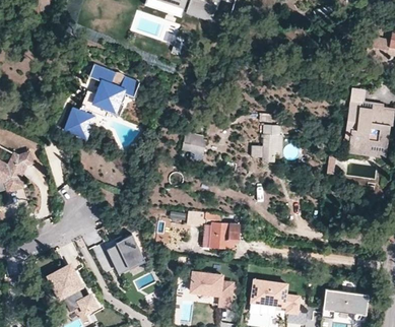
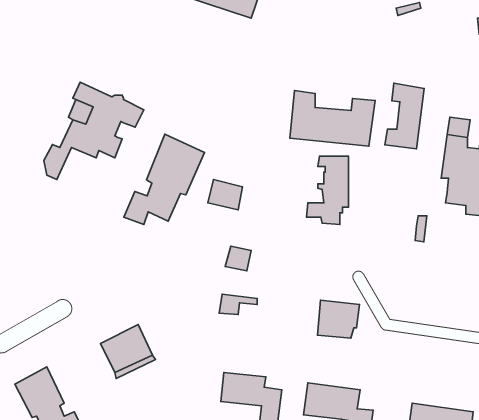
building: none -> [385,83,424,149]
building: none -> [290,90,375,146]
building: none -> [124,134,205,225]
building: [210,222,240,249] -> [317,300,360,338]

